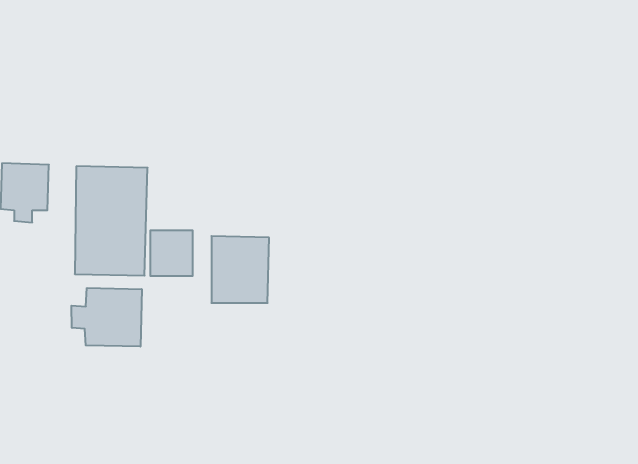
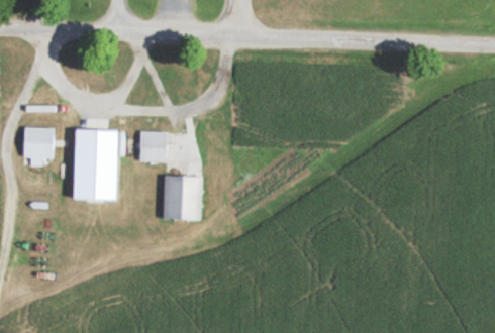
building: [150,230,193,276] -> [139,132,168,162]
building: [71,288,142,347] -> none

